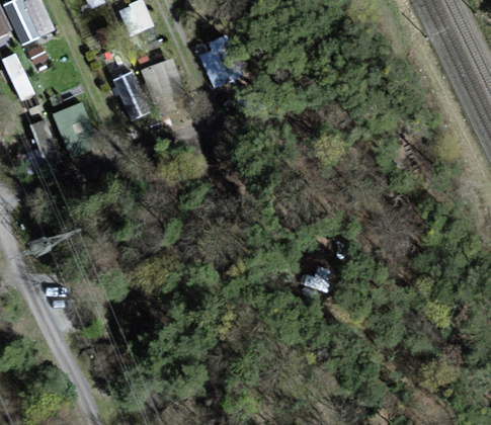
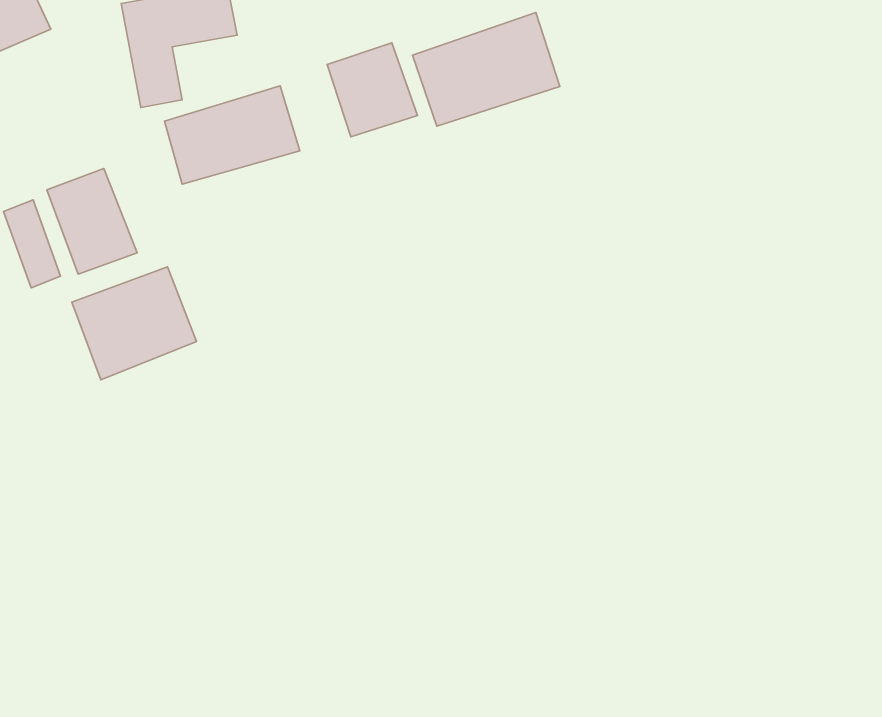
building: none -> [412,13,560,126]
building: none -> [72,267,196,380]

